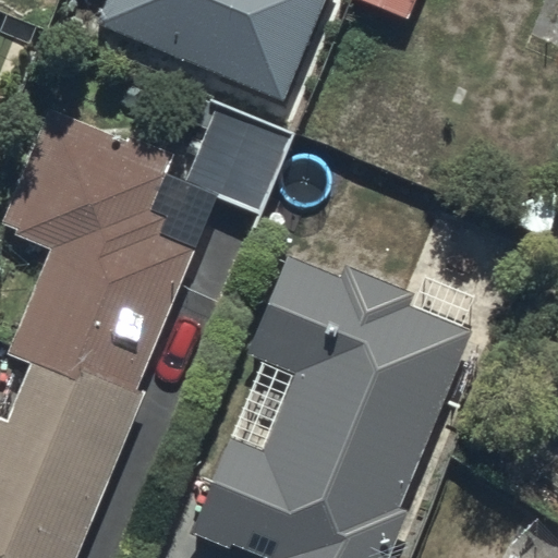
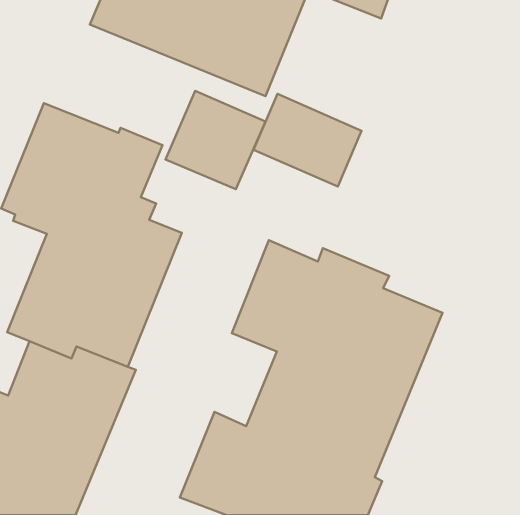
building: none -> [253,94,361,186]

